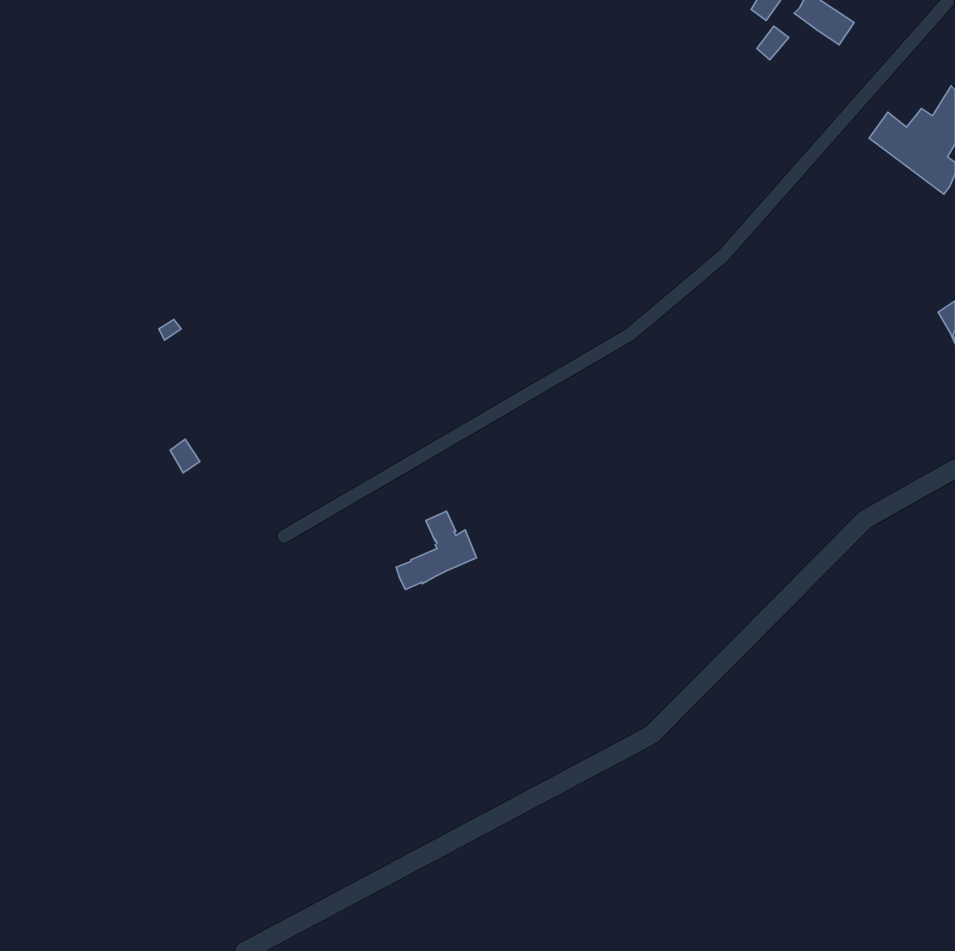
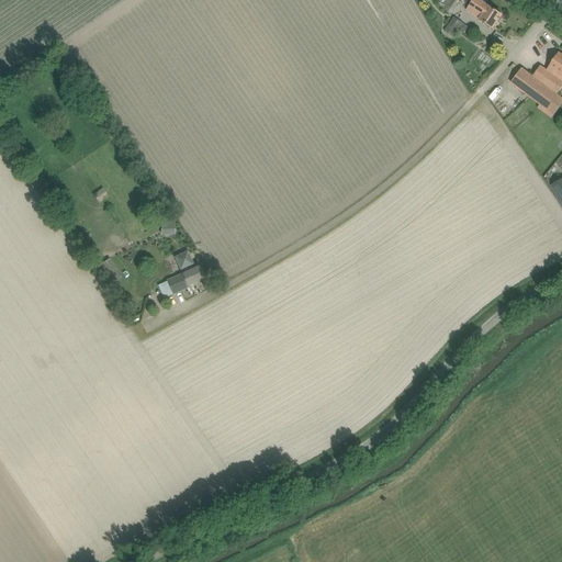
building: [396,511,476,590] -> [158,250,205,296]

